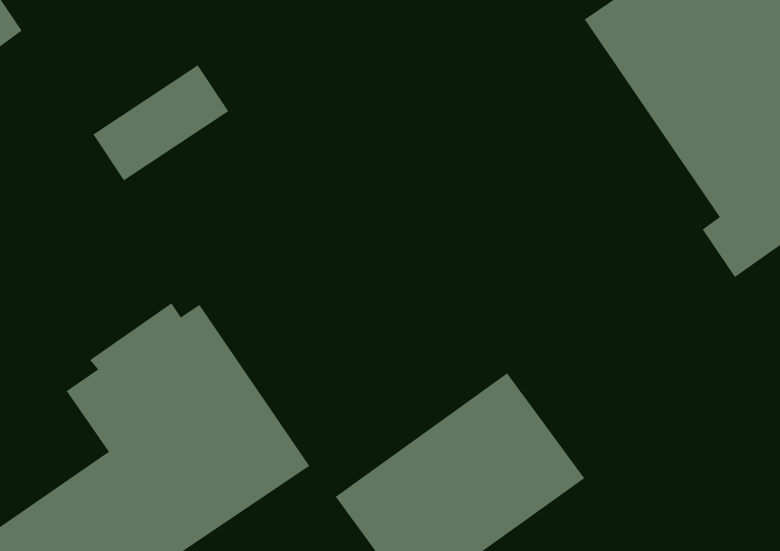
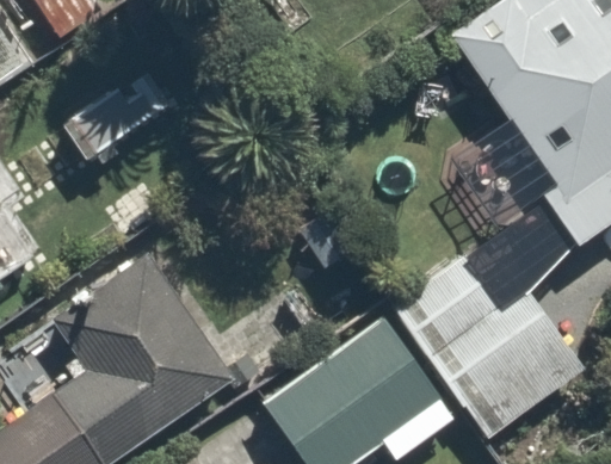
building: none -> [394,255,586,432]

